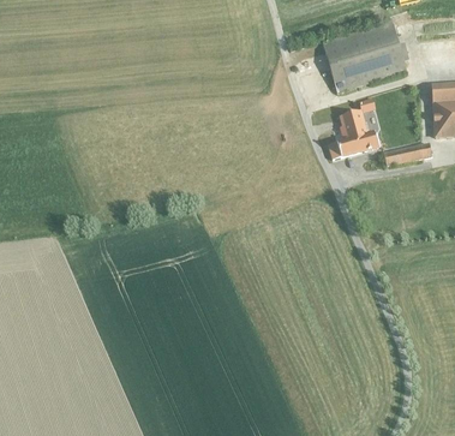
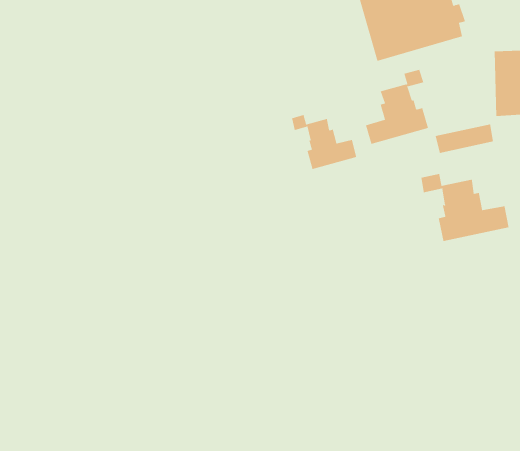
building: none -> [291,114,357,170]
building: none -> [421,173,509,242]

